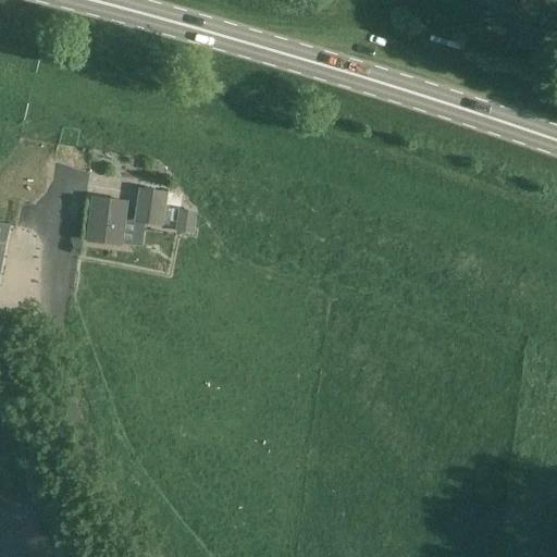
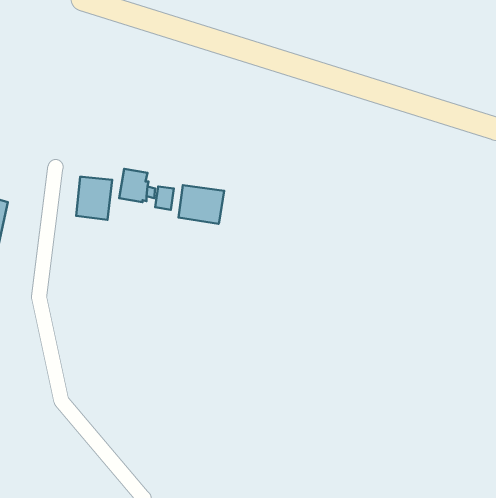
building: none -> [178,185,224,224]

